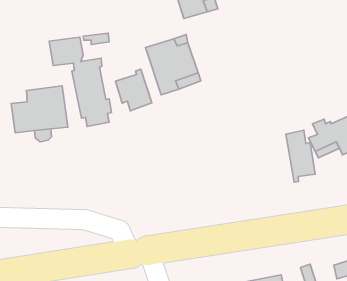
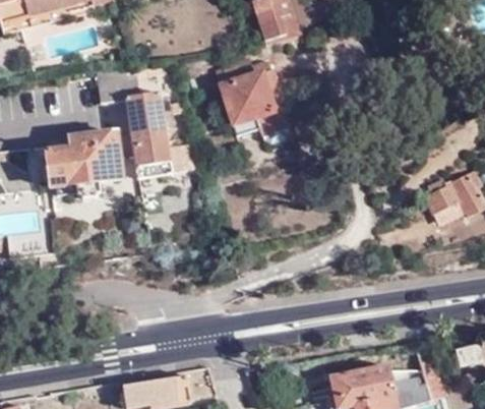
building: [115,69,152,111] -> none
building: [286,130,315,182] -> none

